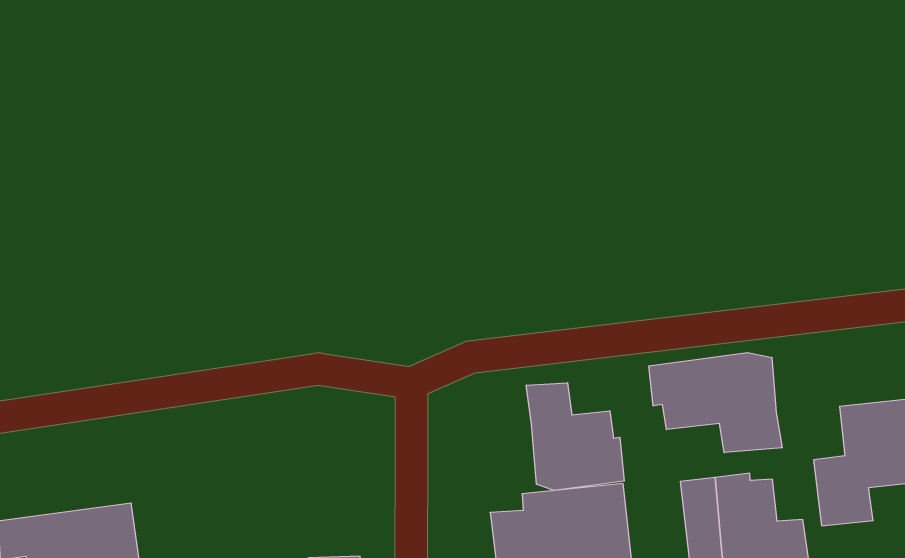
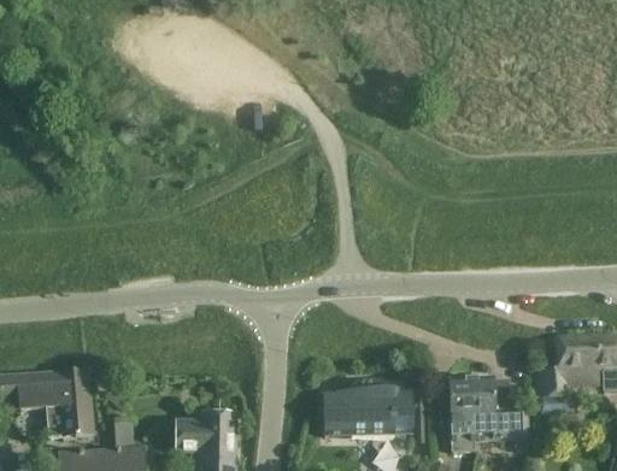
building: [649,353,782,453] -> none
building: [526,383,624,491] -> none

